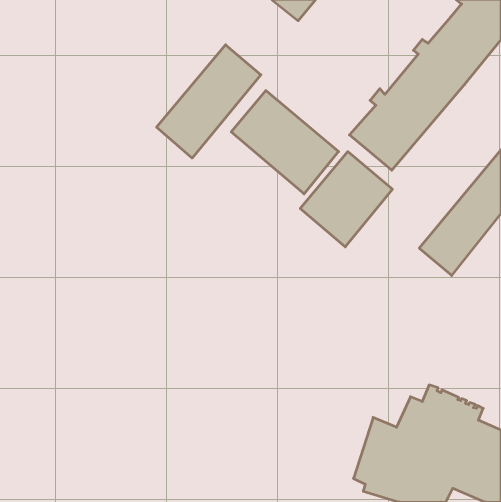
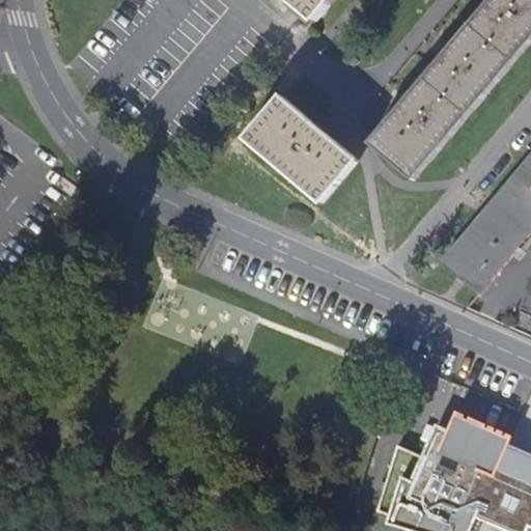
building: [157,45,261,158] -> none
building: [300,152,392,247] -> none

